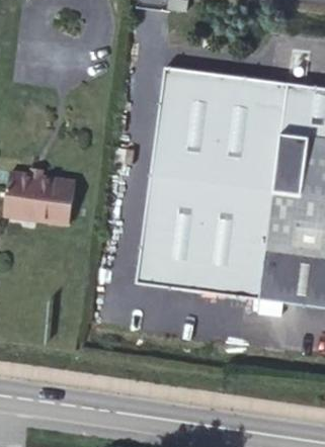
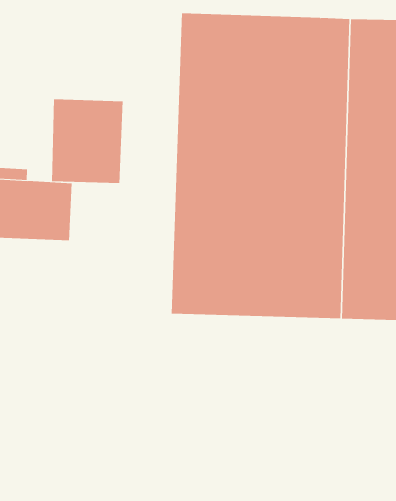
building: none -> [52,99,123,184]

